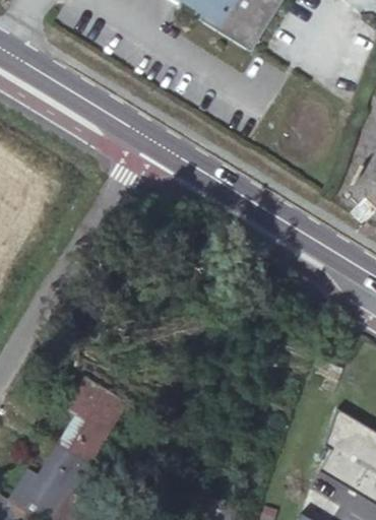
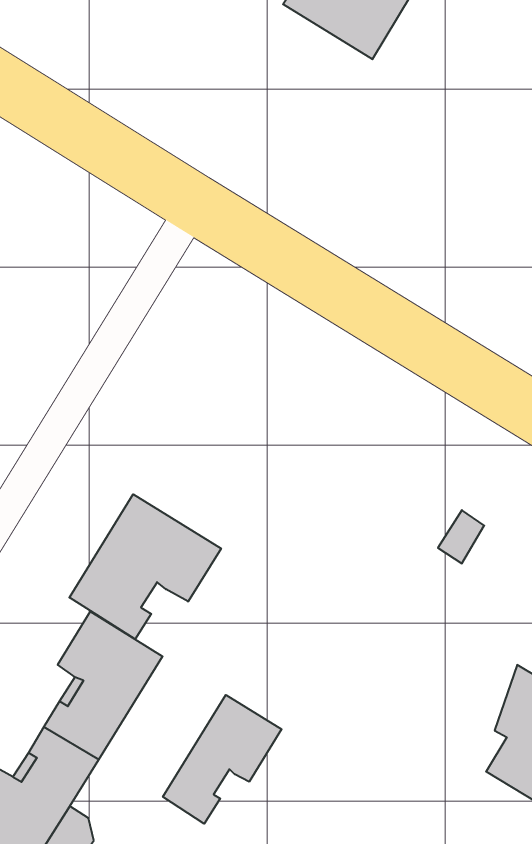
building: none -> [69,494,221,639]
building: none -> [163,695,282,824]

